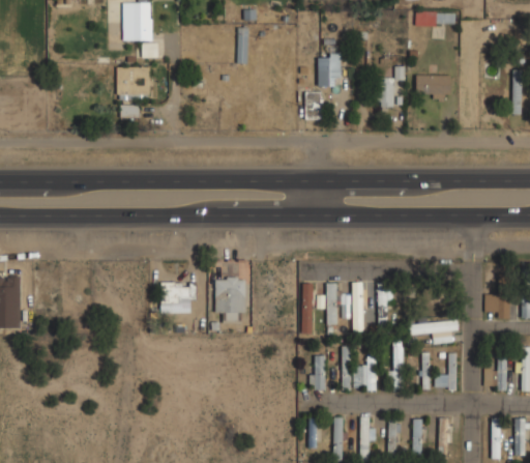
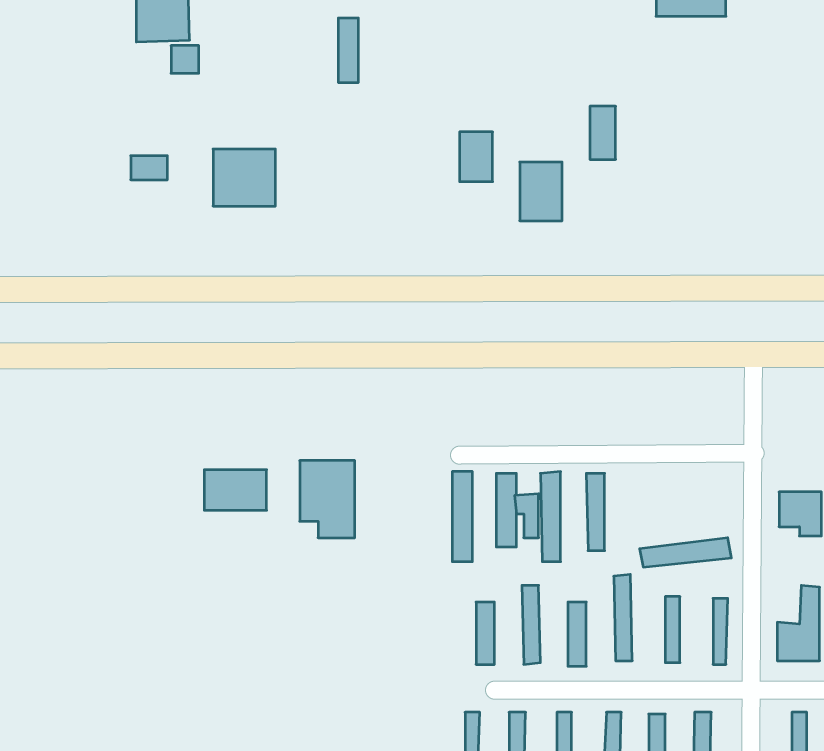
building: [318,53,342,86] -> [520,162,562,221]
building: [117,67,152,99] -> [213,149,275,206]
building: [417,75,451,98] -> none

